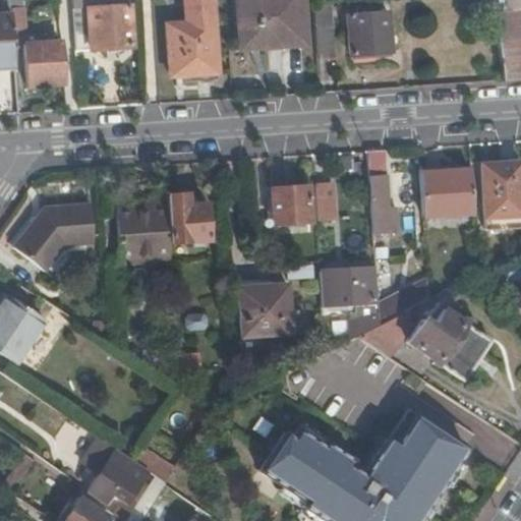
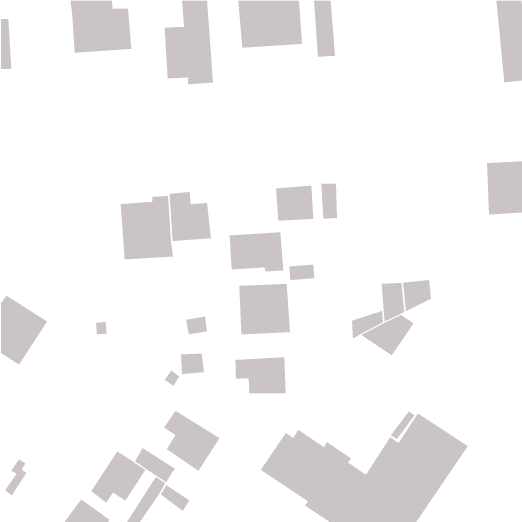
building: [348,8,391,60] -> none
building: [22,46,62,91] -> none
building: [371,148,399,230] -> none
building: [424,168,475,213] -> none
building: [18,202,98,267] -> none
building: [322,268,377,307] -> [229,232,284,272]
building: [408,308,491,381] -> none
building: none -> [235,357,286,394]
building: none -> [163,410,220,472]

